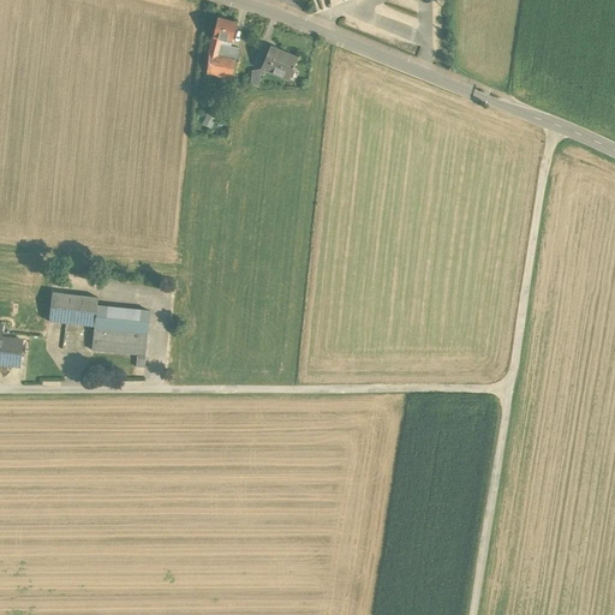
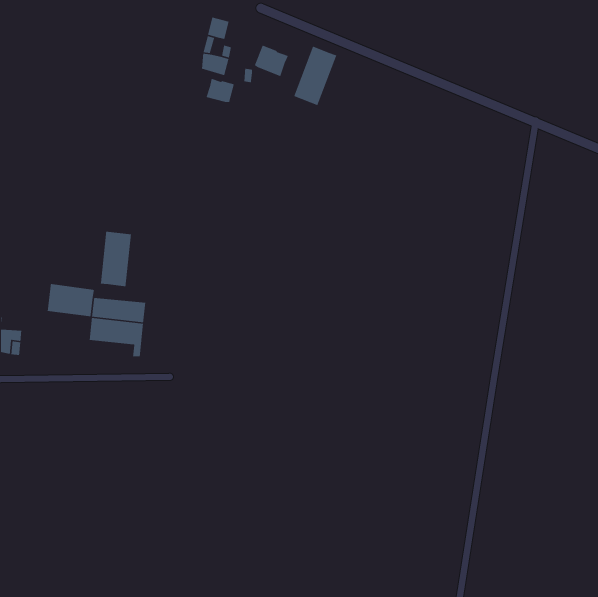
building: none -> [293,45,338,106]
building: none -> [206,78,235,103]
building: none -> [99,231,132,287]

